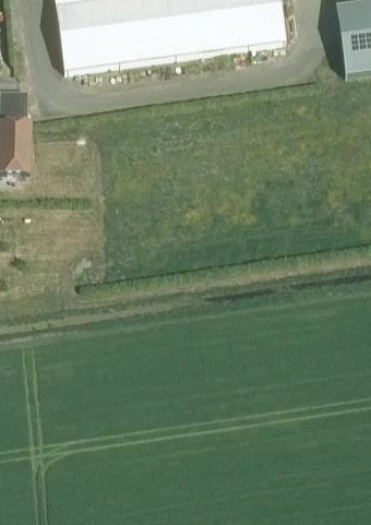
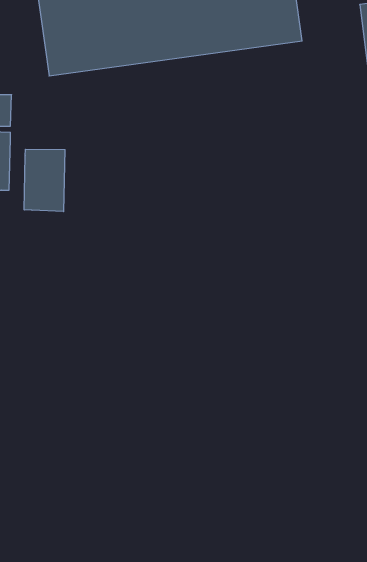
building: none -> [24,149,65,212]

